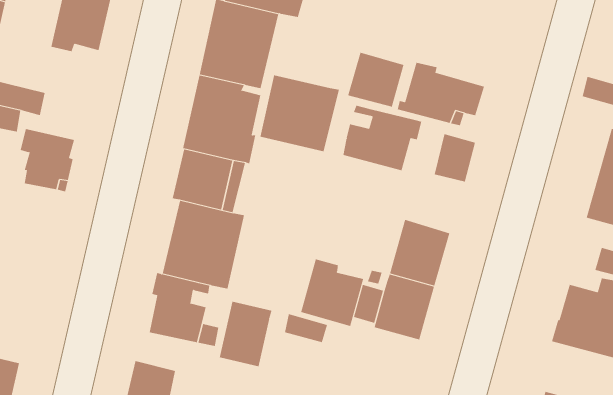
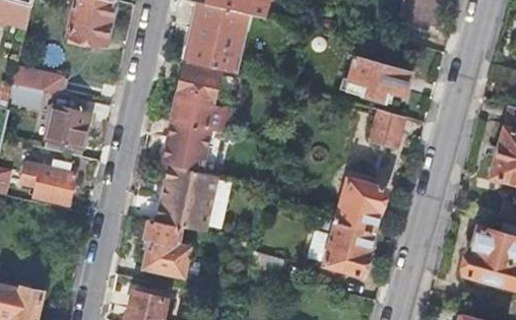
building: [348,52,404,107] -> none
building: [260,75,339,152] -> none
building: [343,105,422,171] -> none
building: none -> [33,162,75,204]
building: [300,259,364,327] -> none
building: [219,301,272,367] -> none

